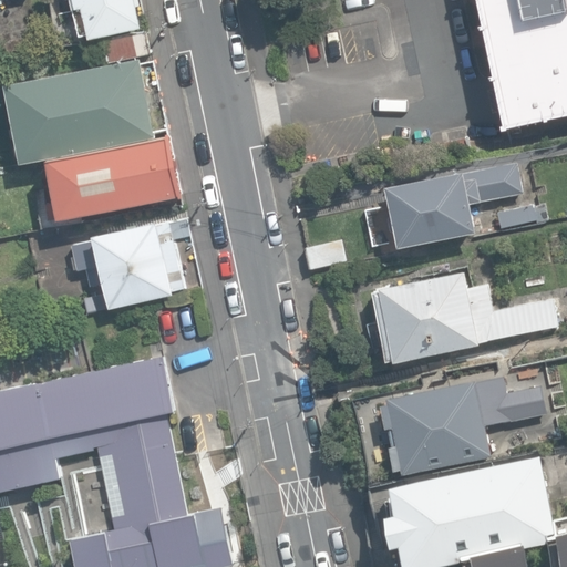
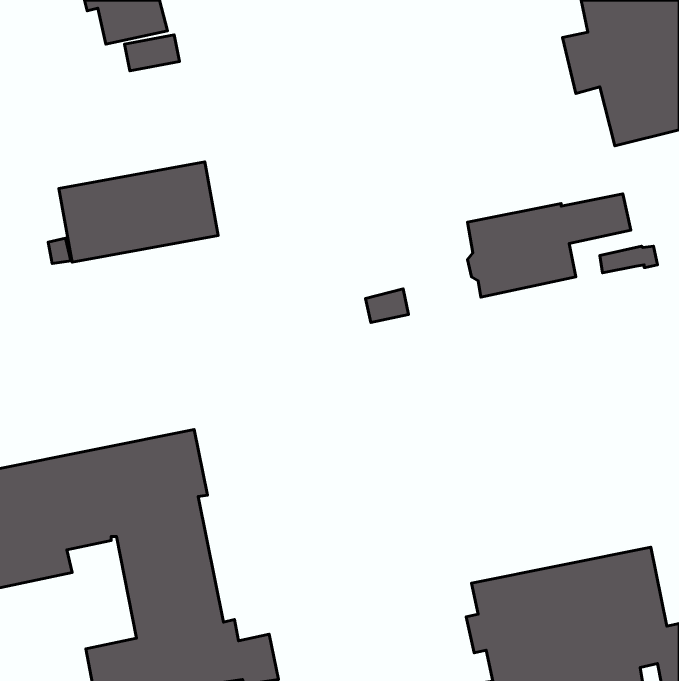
building: [7,60,153,163] -> none
building: [69,223,182,313] -> none
building: [373,271,555,361] -> none
building: [380,375,518,475] -> none

